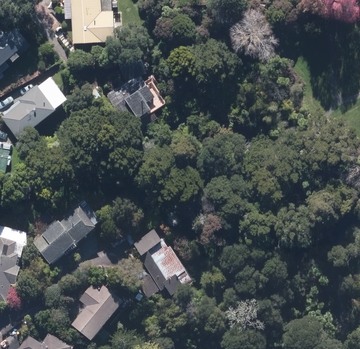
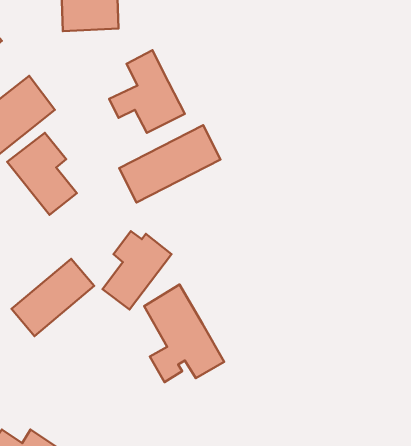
building: none -> [119,125,220,202]
building: none -> [7,133,77,215]
building: [70,283,121,341] -> [102,231,172,310]

